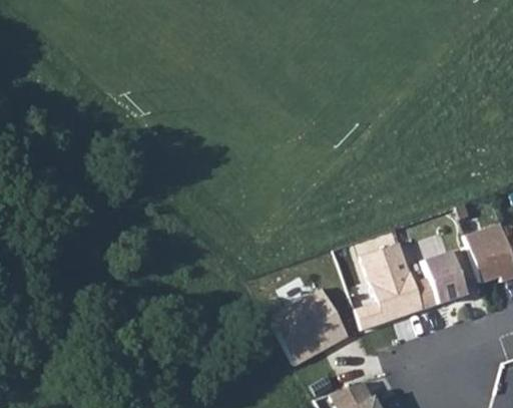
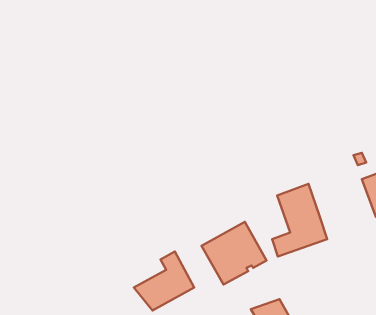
building: [414,251,466,309] -> none
building: none -> [134,252,194,311]

